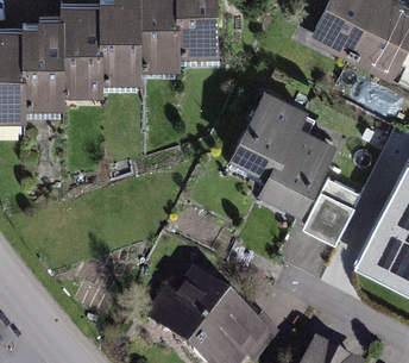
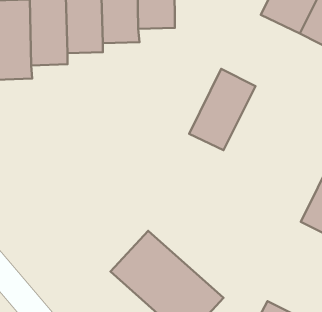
building: [262,131,333,219] -> none
building: [303,181,360,246] -> none

